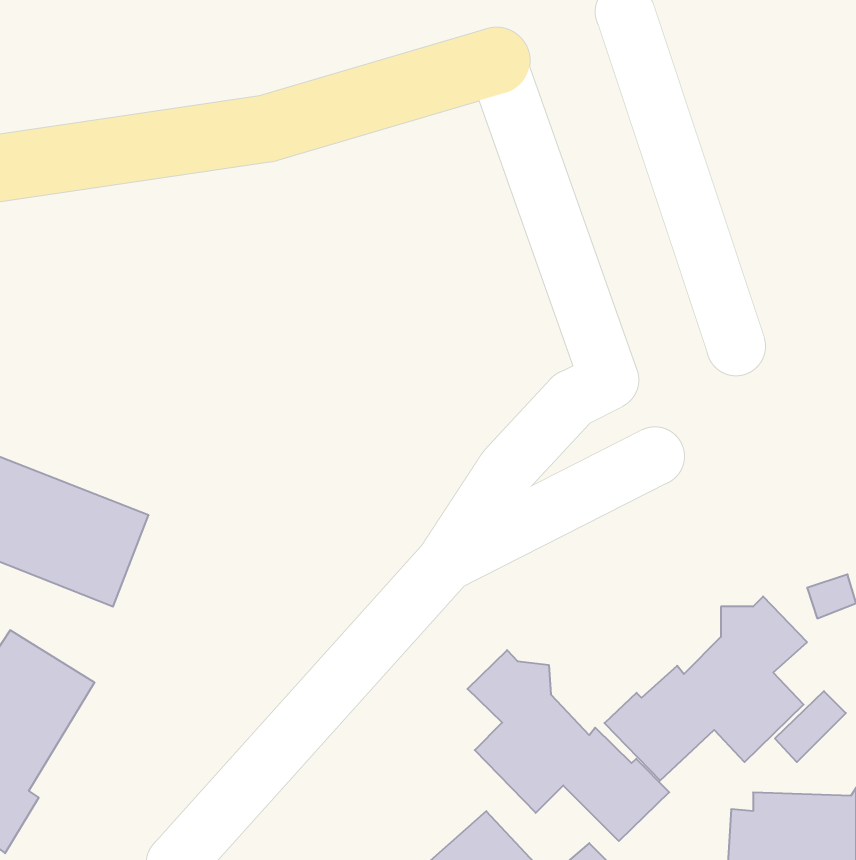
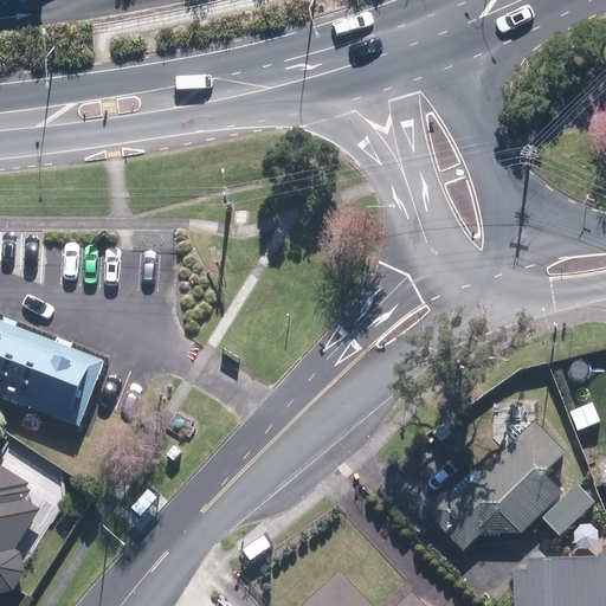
building: [467,650,669,841] -> none

